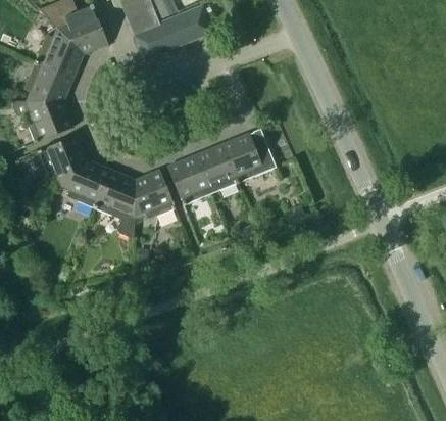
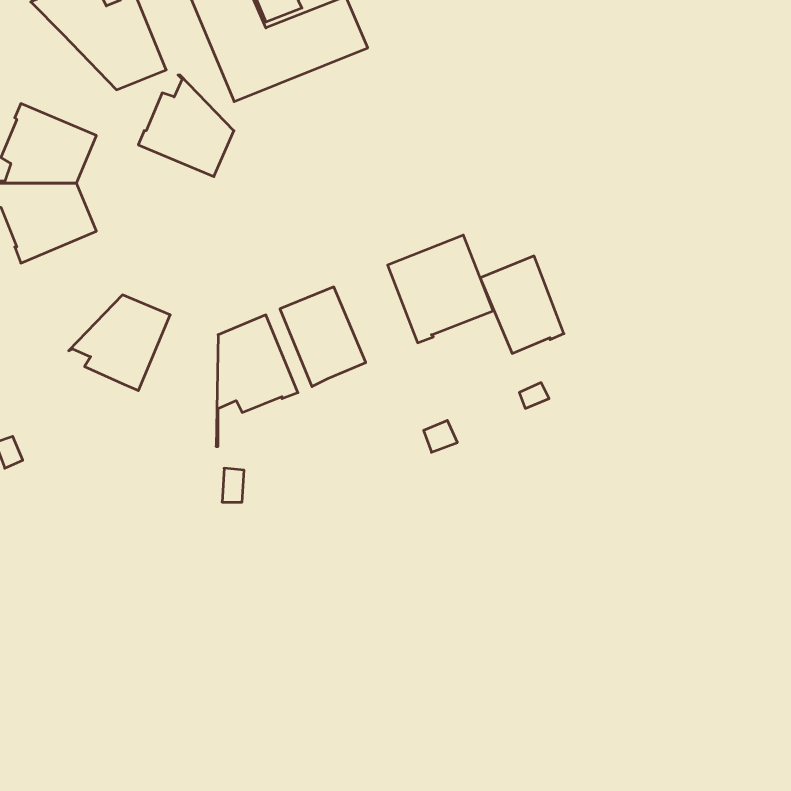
building: [35,25,84,77] -> [138,75,234,177]
building: [38,134,87,187] -> none
building: [195,143,238,193] -> [480,256,564,353]
building: [95,169,136,236] -> none

